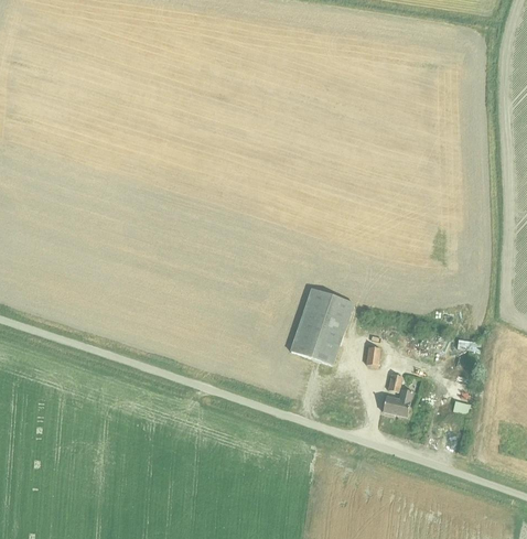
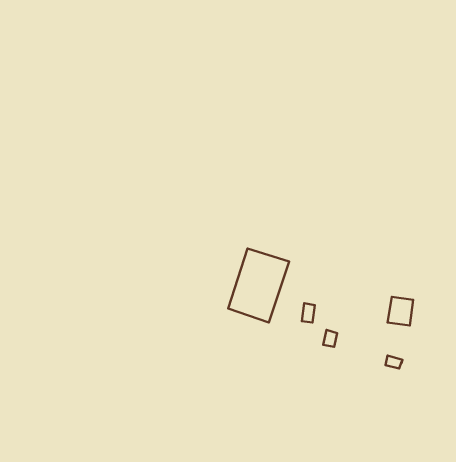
building: [383,388,413,417] -> none

